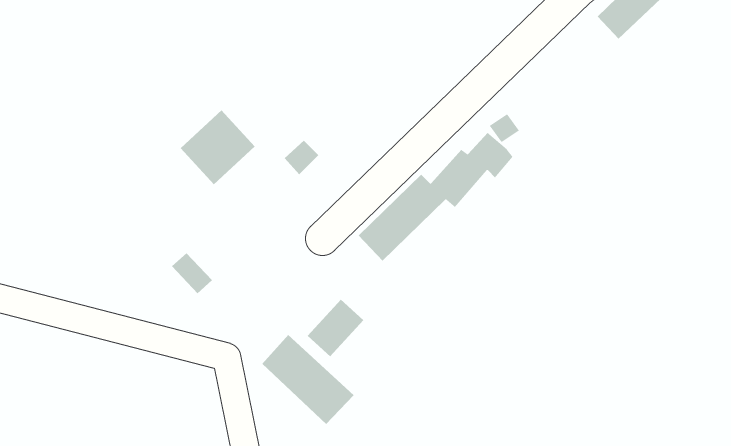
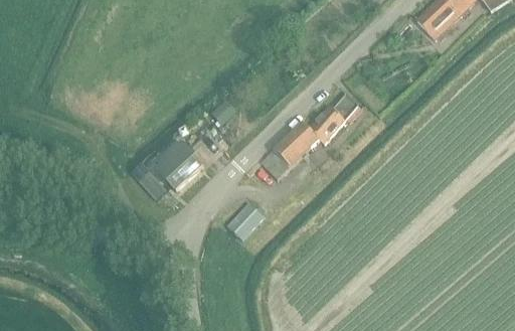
building: [180,110,256,185] -> [155,142,204,191]
building: [261,334,355,425] -> none

